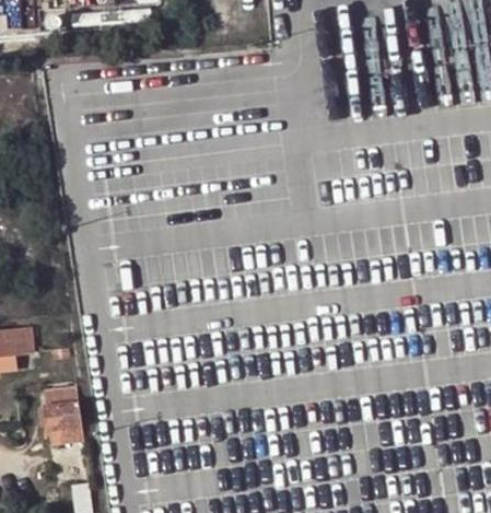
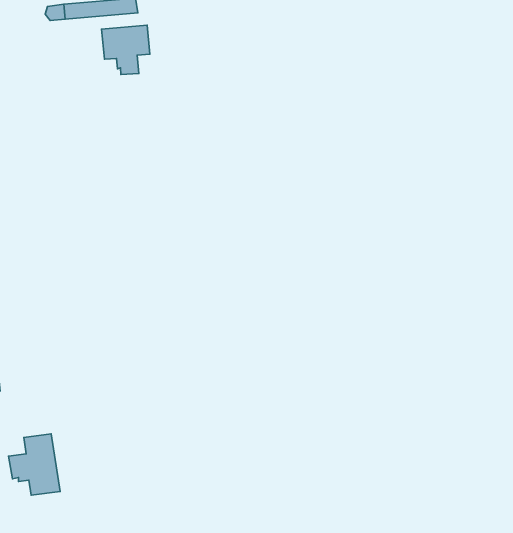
building: none -> [101,25,150,75]

